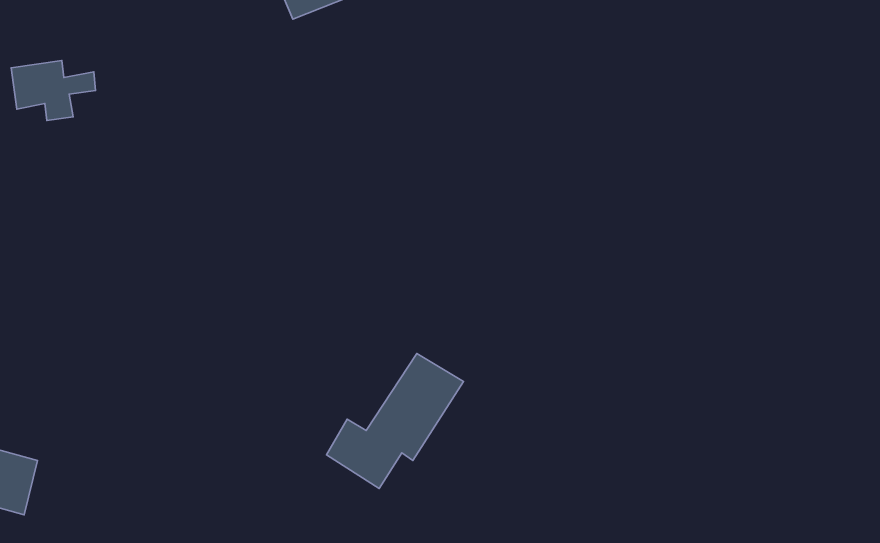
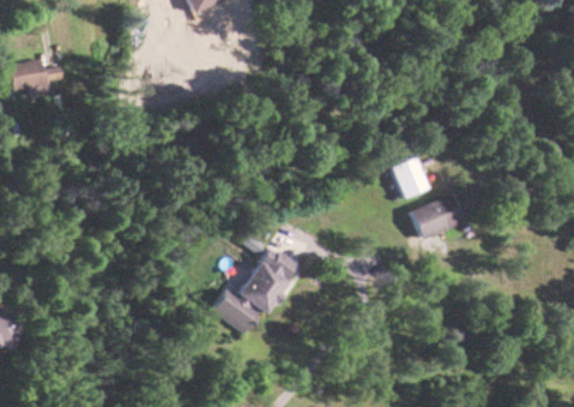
building: none -> [391,156,428,198]
building: none -> [410,194,460,238]

